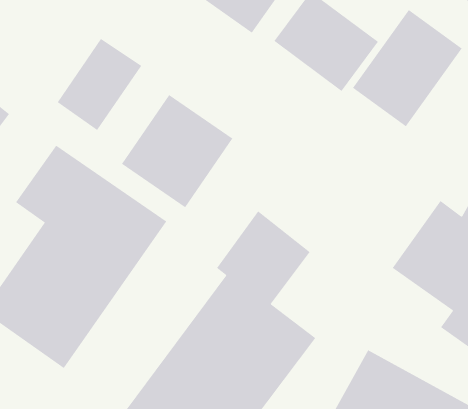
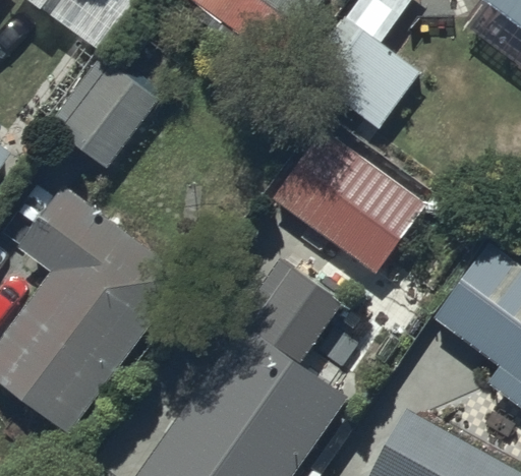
building: [352,9,463,127] -> none
building: [121,94,233,208] -> none
building: none -> [273,129,427,277]

